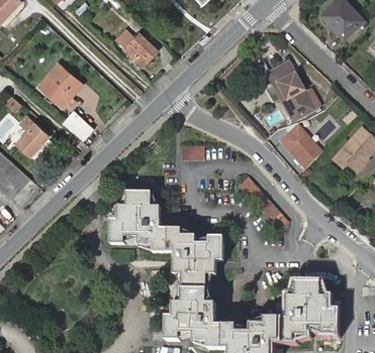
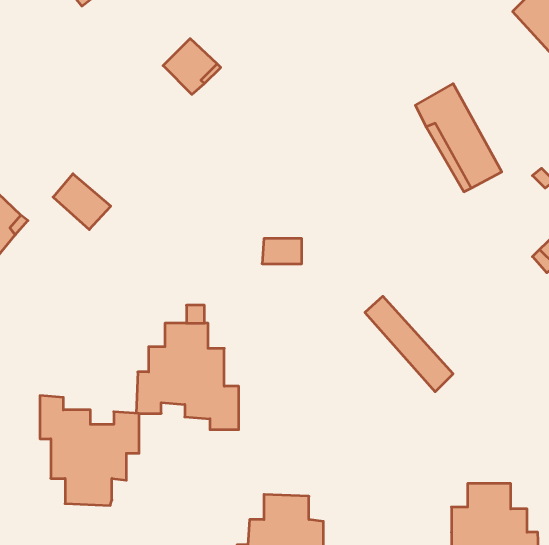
building: [36,66,81,108] -> none
building: [277,122,319,166] -> none
building: [166,229,221,290] -> [40,396,139,505]

